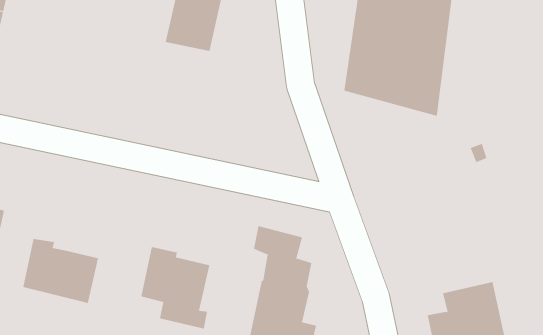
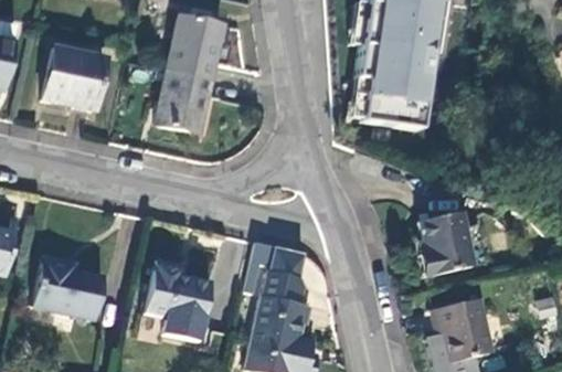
building: none -> [44,45,107,109]
building: none -> [157,70,212,132]
building: none -> [417,211,487,275]

